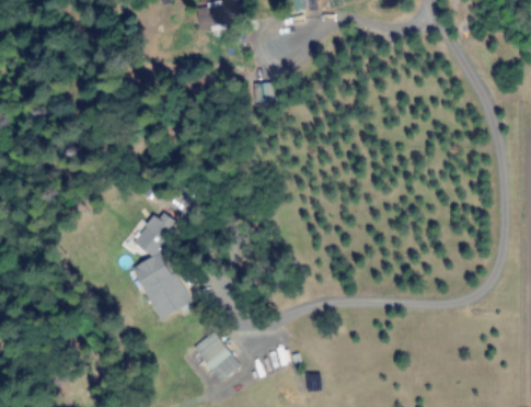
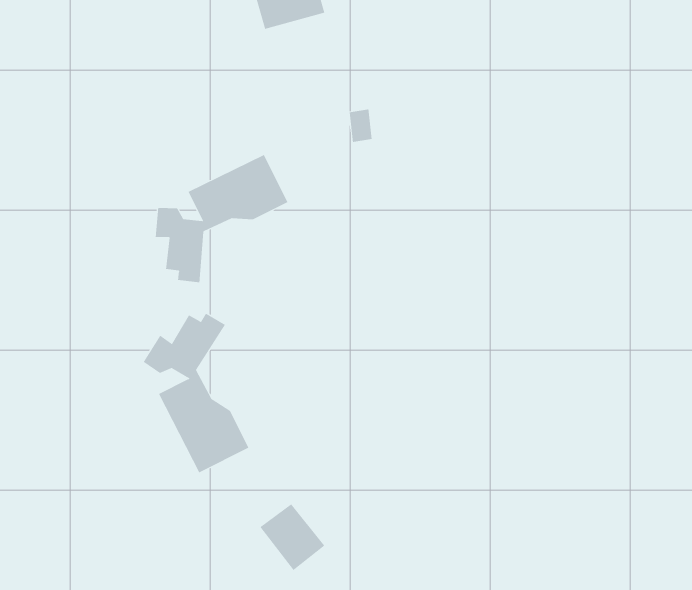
building: none -> [155,154,288,283]

